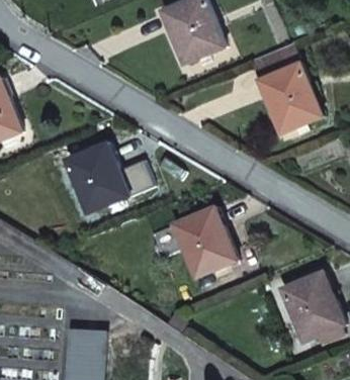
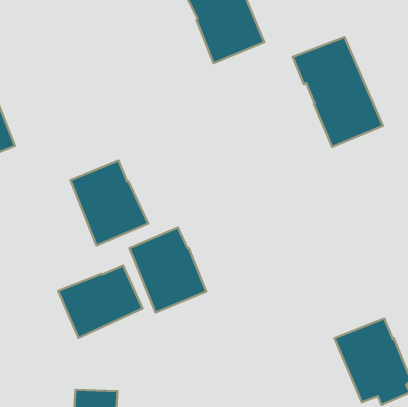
building: [175,208,238,278] -> [130,227,206,312]
building: none -> [58,265,142,338]

